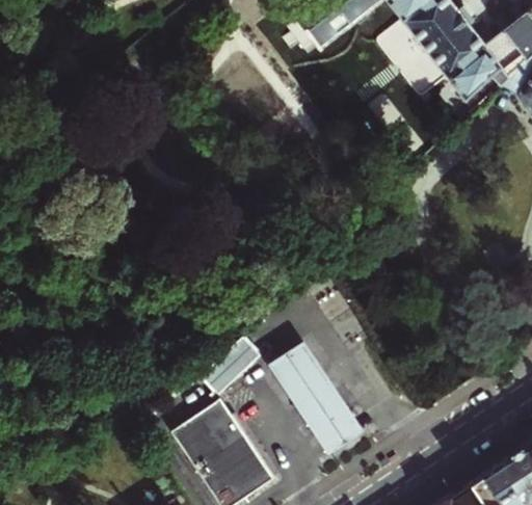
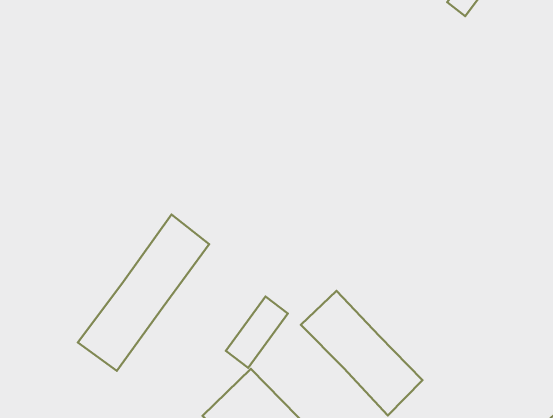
building: none -> [78,215,209,371]

